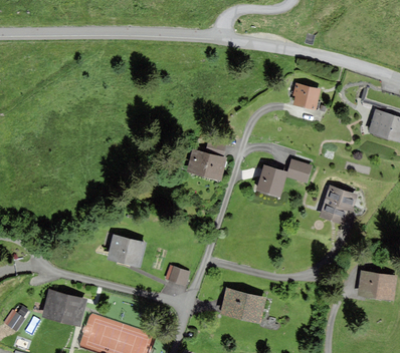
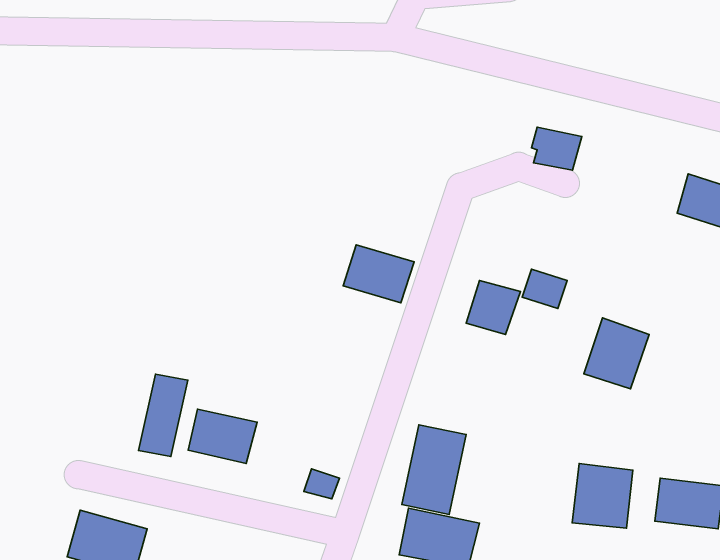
building: none -> [138,374,188,456]
building: none -> [402,425,466,514]
building: none -> [572,463,633,528]

